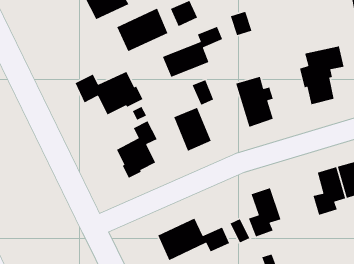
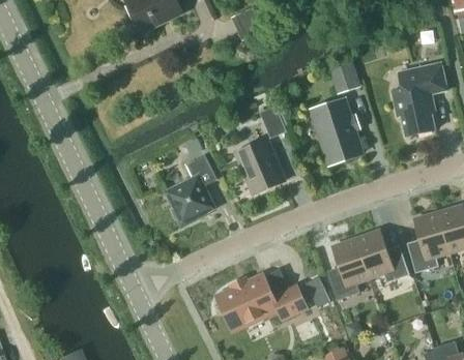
building: [116,7,169,52] -> none
building: [230,11,253,36] -> [330,60,358,91]
building: [162,26,223,78] -> none
building: [74,71,144,116] -> none
building: none -> [356,229,409,281]

